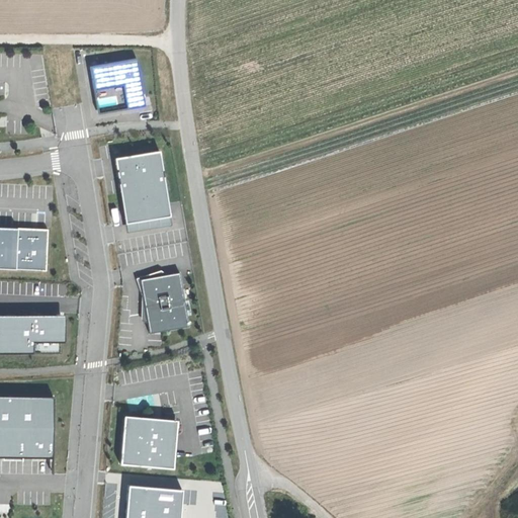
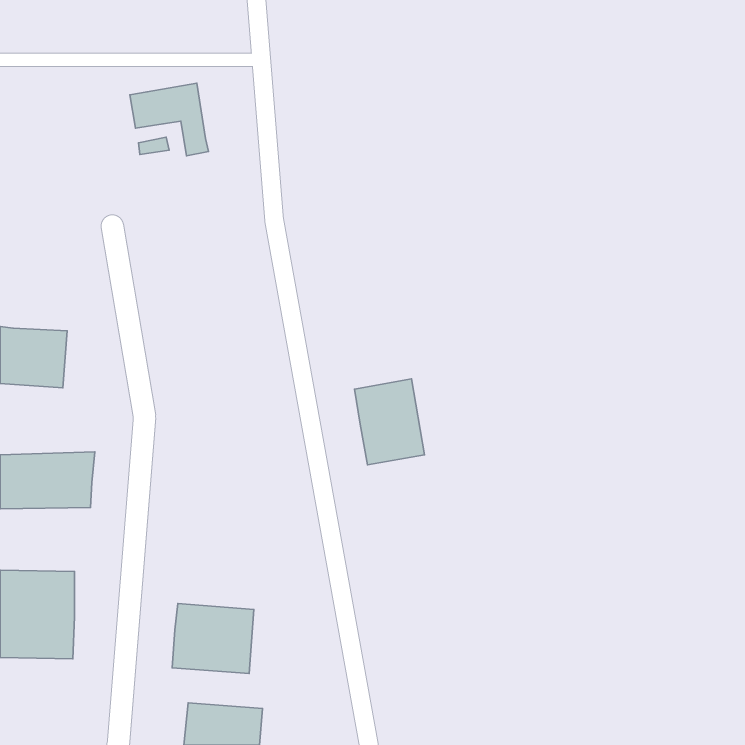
building: [114,150,170,223] -> none
building: [140,272,188,332] -> [354,379,424,465]

